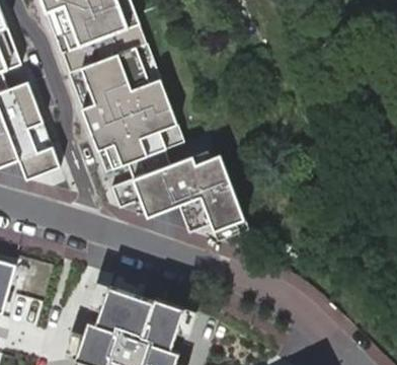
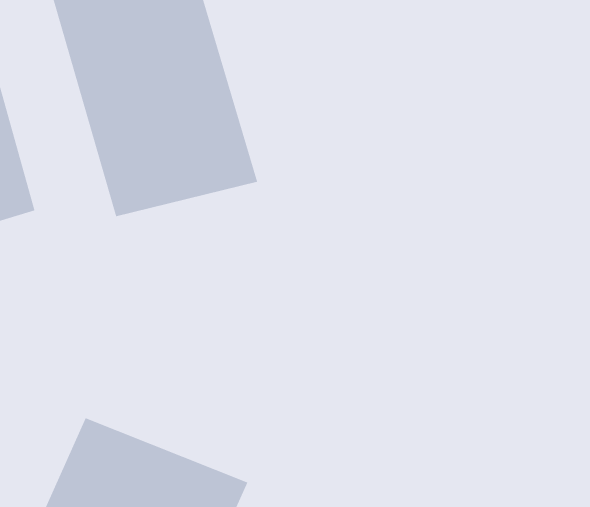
building: [109,147,247,239] -> none

